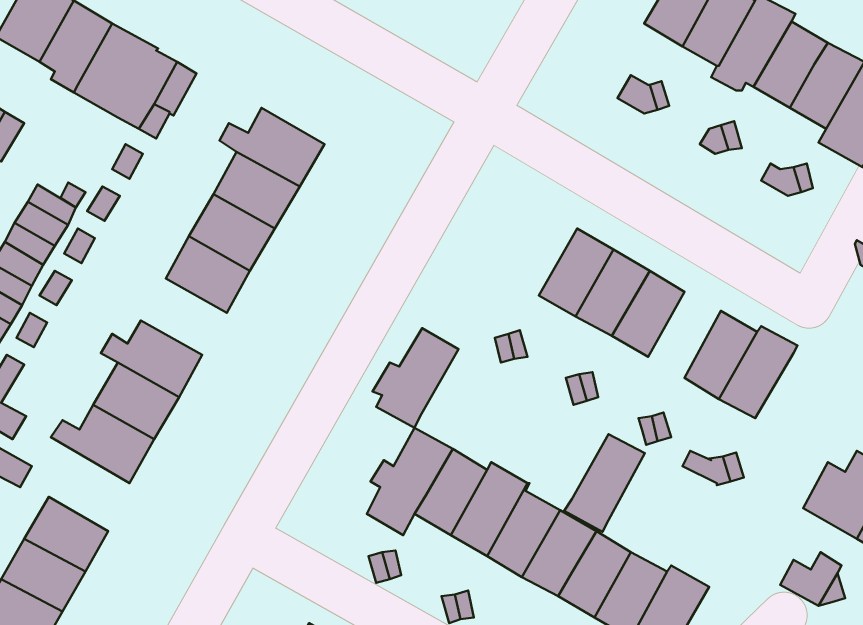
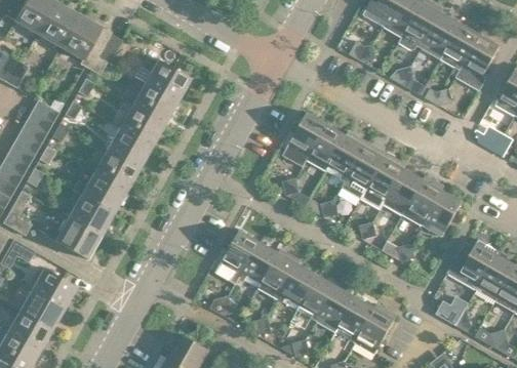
building: none -> [92,150,138,191]
building: [372,328,459,428] -> [280,112,326,165]
building: none -> [422,190,462,236]
building: [564,434,645,532] -> [360,157,403,209]

